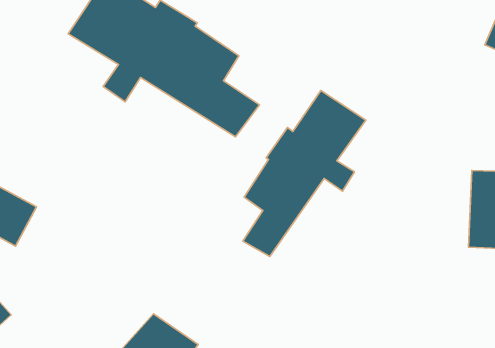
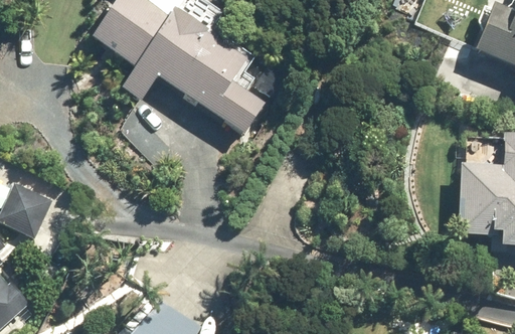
building: [243,90,366,257] -> none

